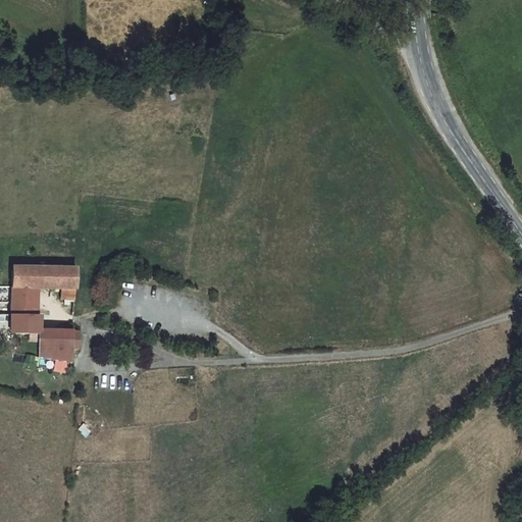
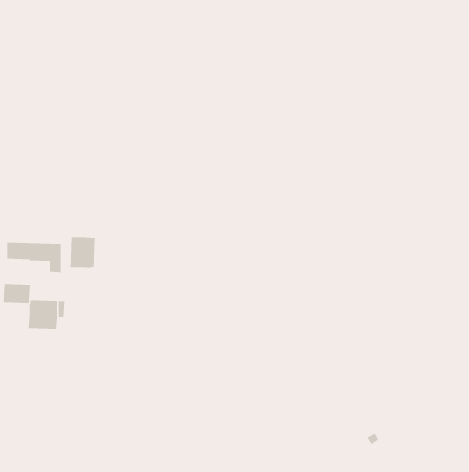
building: none -> [70,237,95,269]
building: [11,283,42,312] -> none

